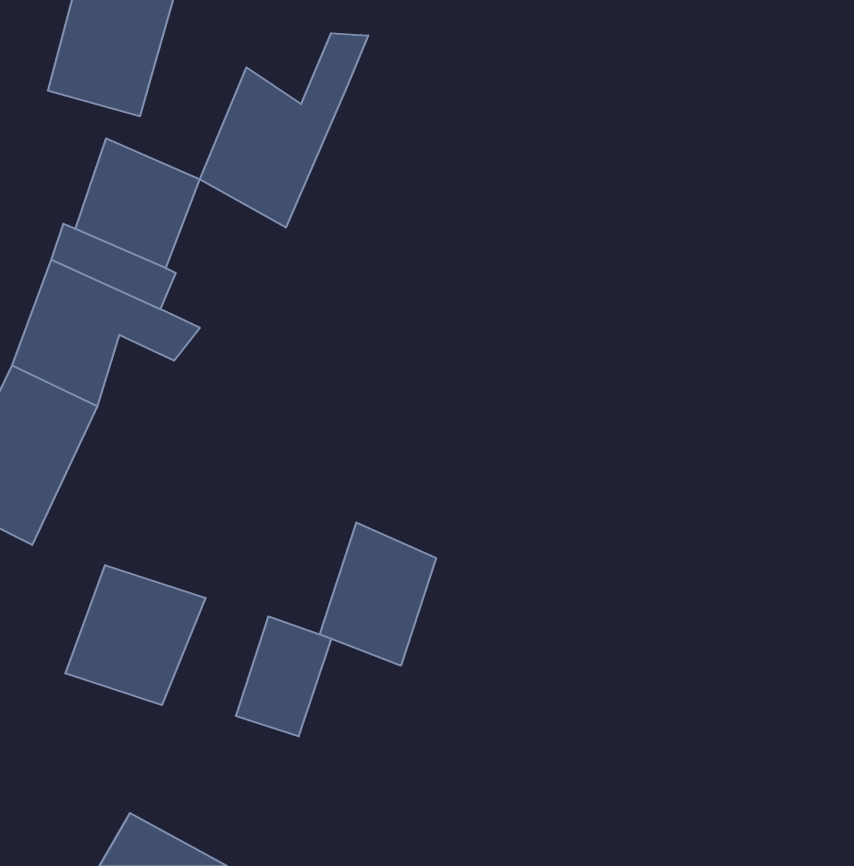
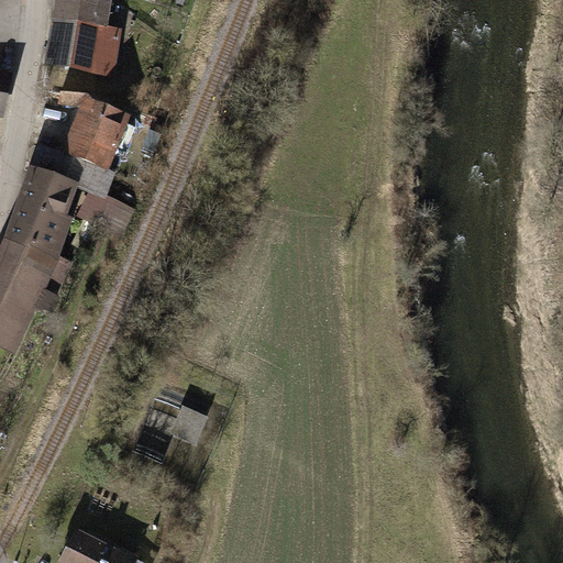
building: [200,33,368,228] -> none
building: [320,522,436,666] -> none
building: [65,565,206,705] -> none

